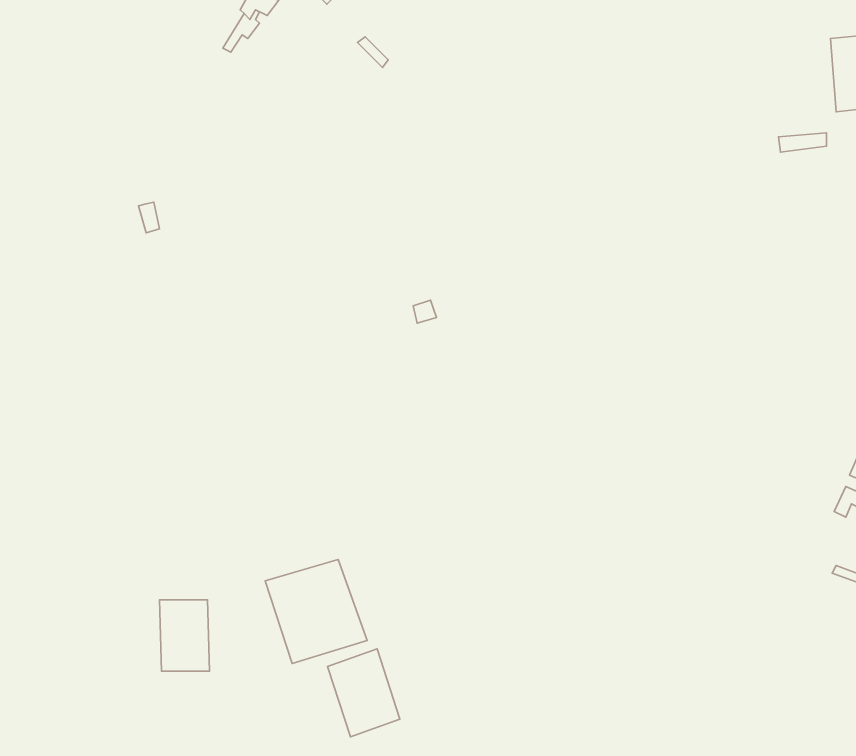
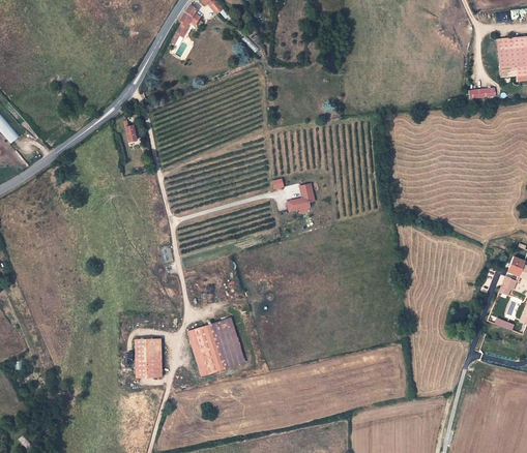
building: none -> [286,183,315,214]
building: [328,649,400,737] -> none

